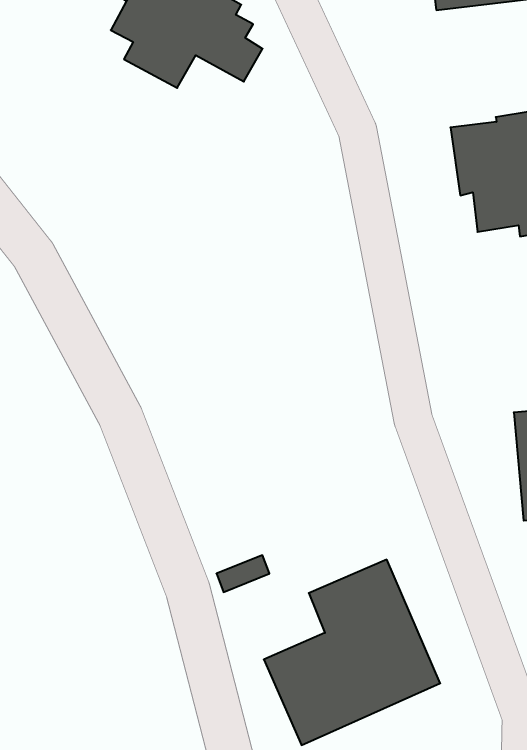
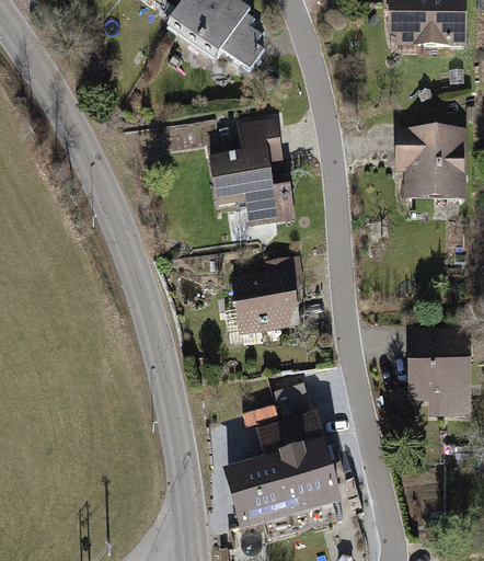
building: none -> [205,114,293,227]
building: none -> [231,253,304,332]

